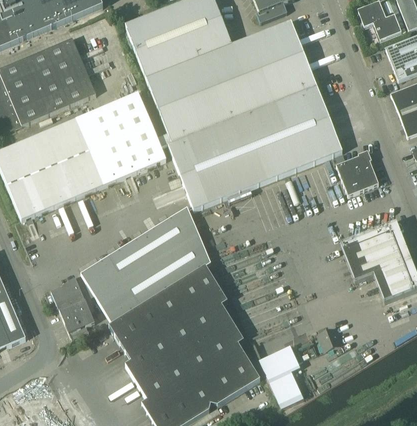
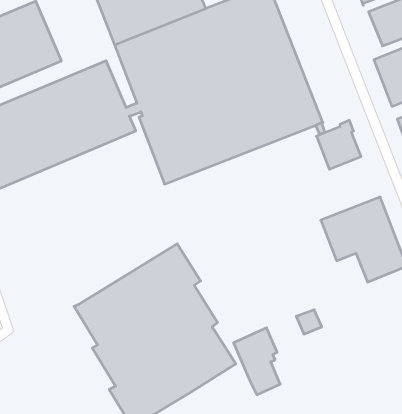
building: [80,210,210,322] -> none
building: [50,275,94,338] -> none

